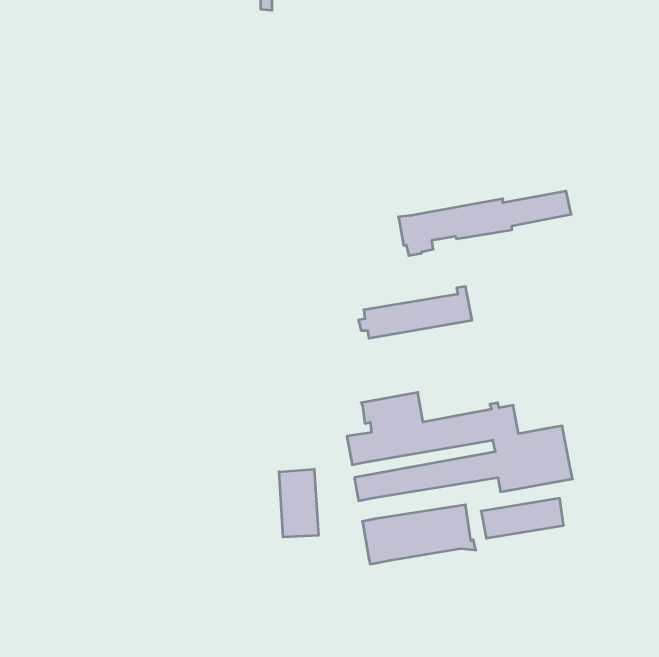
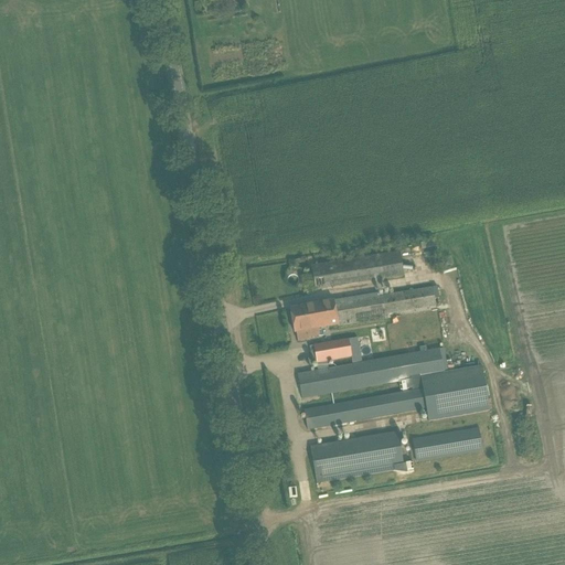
building: [398,191,571,256] -> [289,285,437,340]
building: [279,469,318,537] -> none

